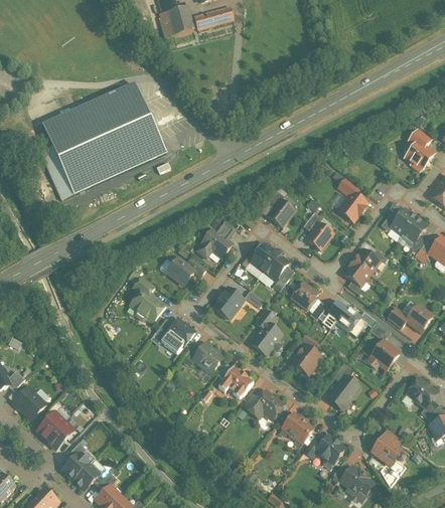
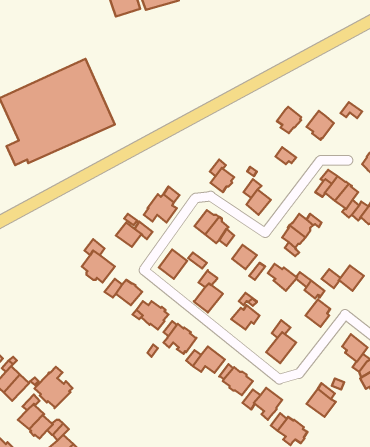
building: [404,140,433,171] -> [307,111,334,140]
building: [339,192,365,220] -> [277,107,301,133]
building: none -> [34,367,72,408]

